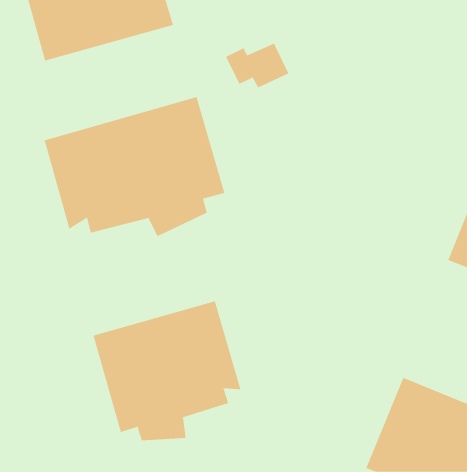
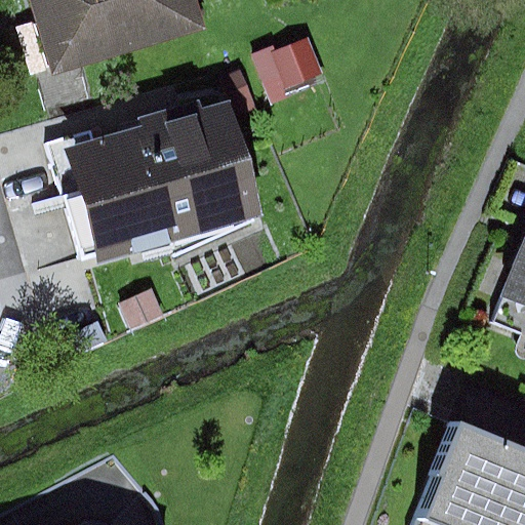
building: [93,300,241,441] -> none

